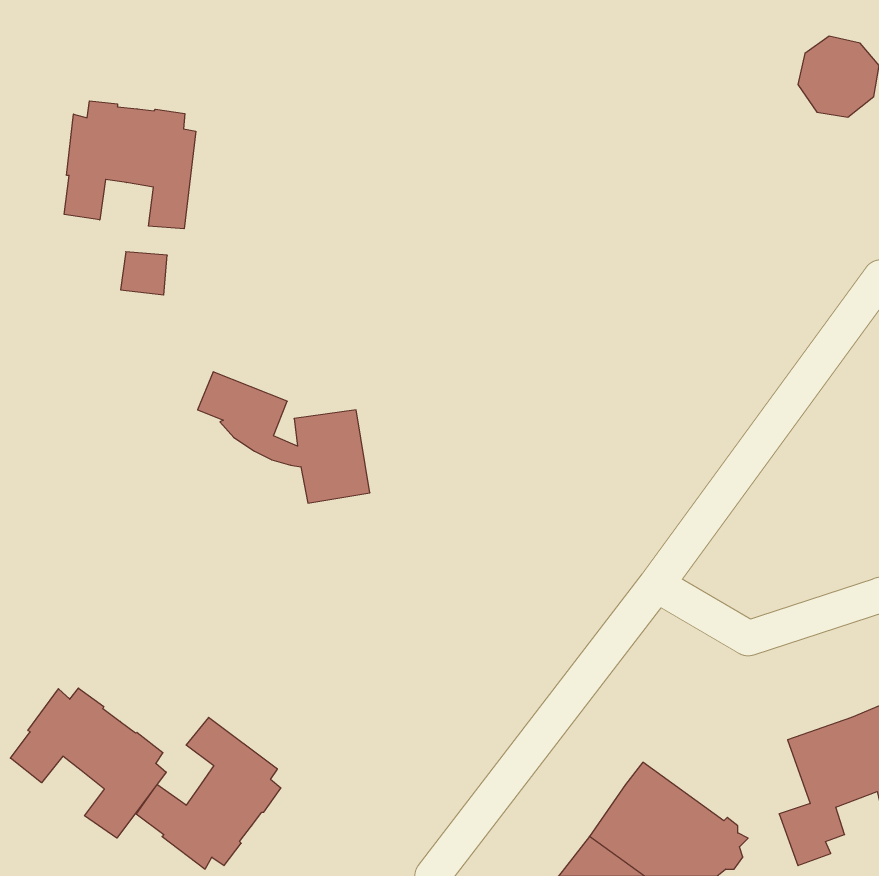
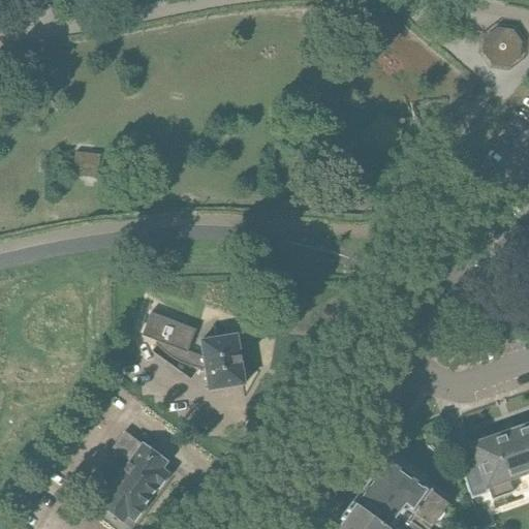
building: [64,101,196,229] -> none
building: [198,372,370,503] -> [143,311,246,390]
building: [10,688,166,838] -> none

